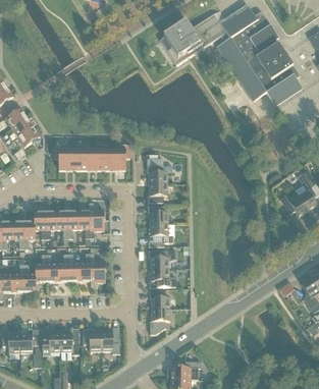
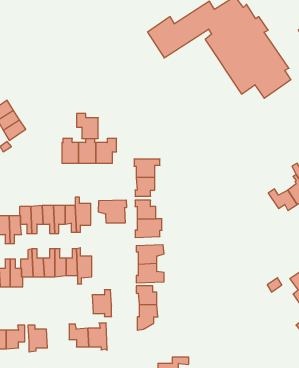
building: [54,146,75,170] -> [77,114,98,138]
building: none -> [98,200,126,223]
building: [60,329,79,355] -> [92,290,112,317]

